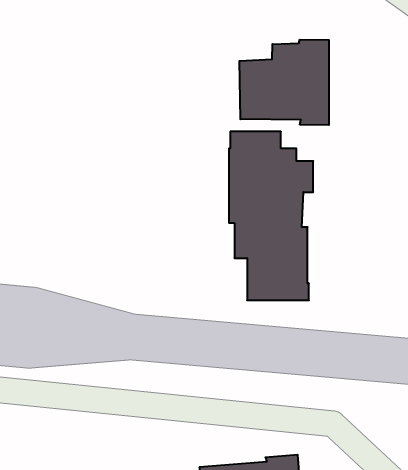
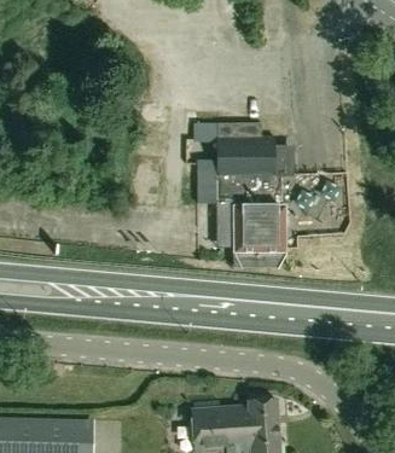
building: [239,40,329,125] -> none

